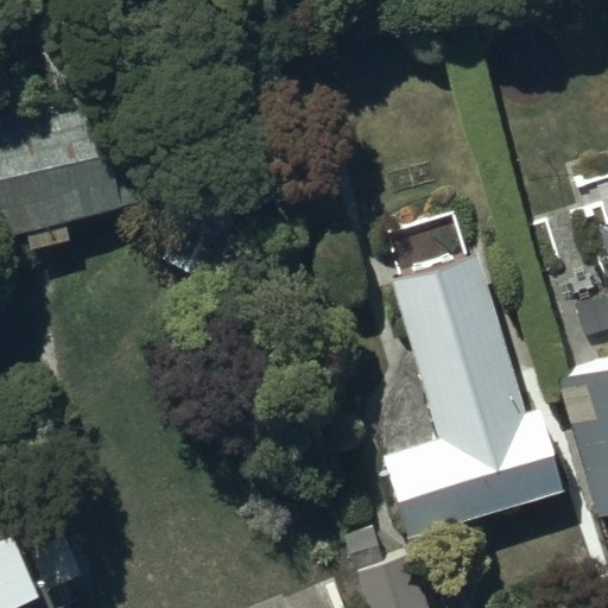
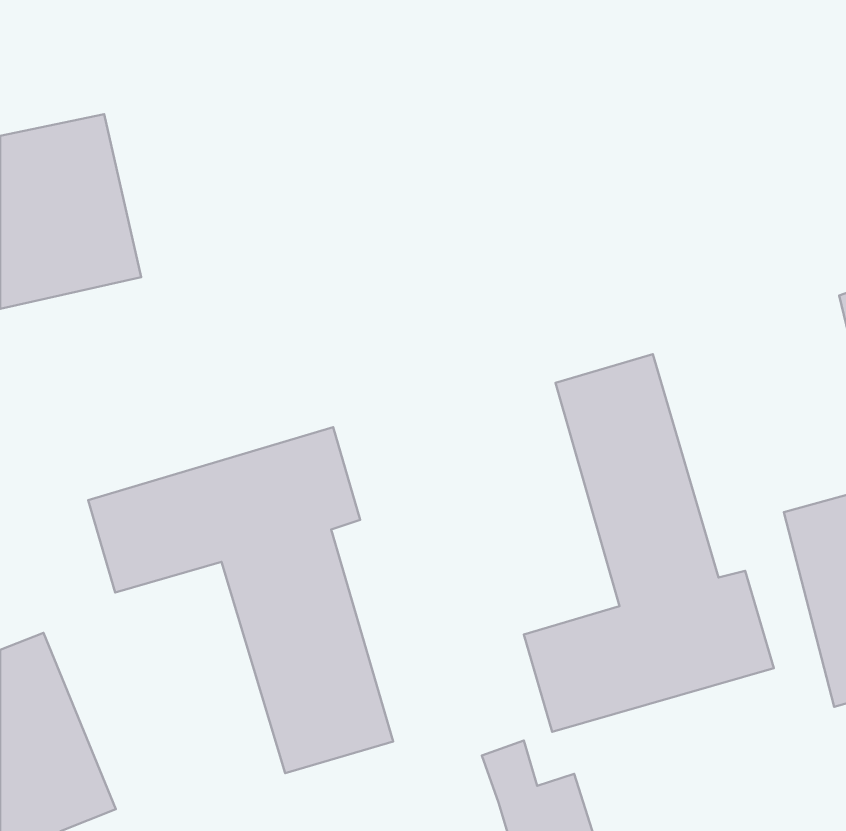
building: none -> [88,427,393,773]

